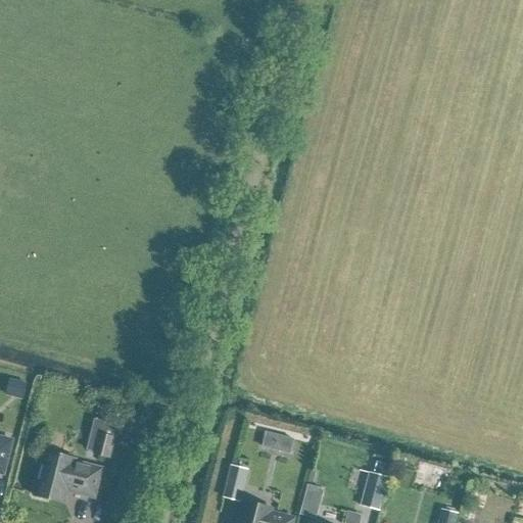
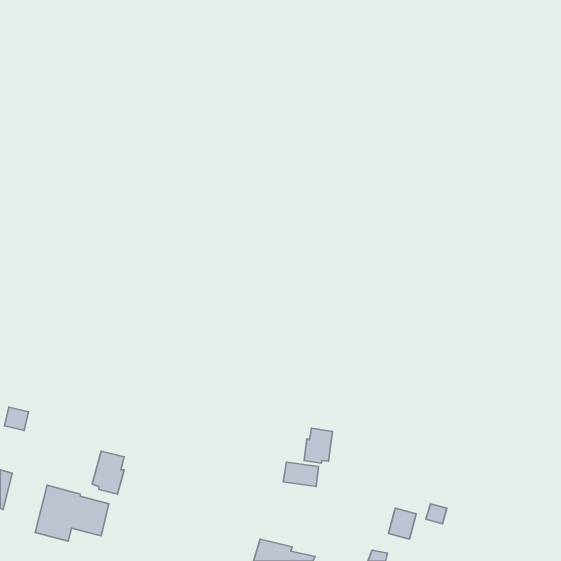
building: none -> [304,428,332,463]
building: [222,466,247,502] -> none
building: [302,481,327,516] -> none

